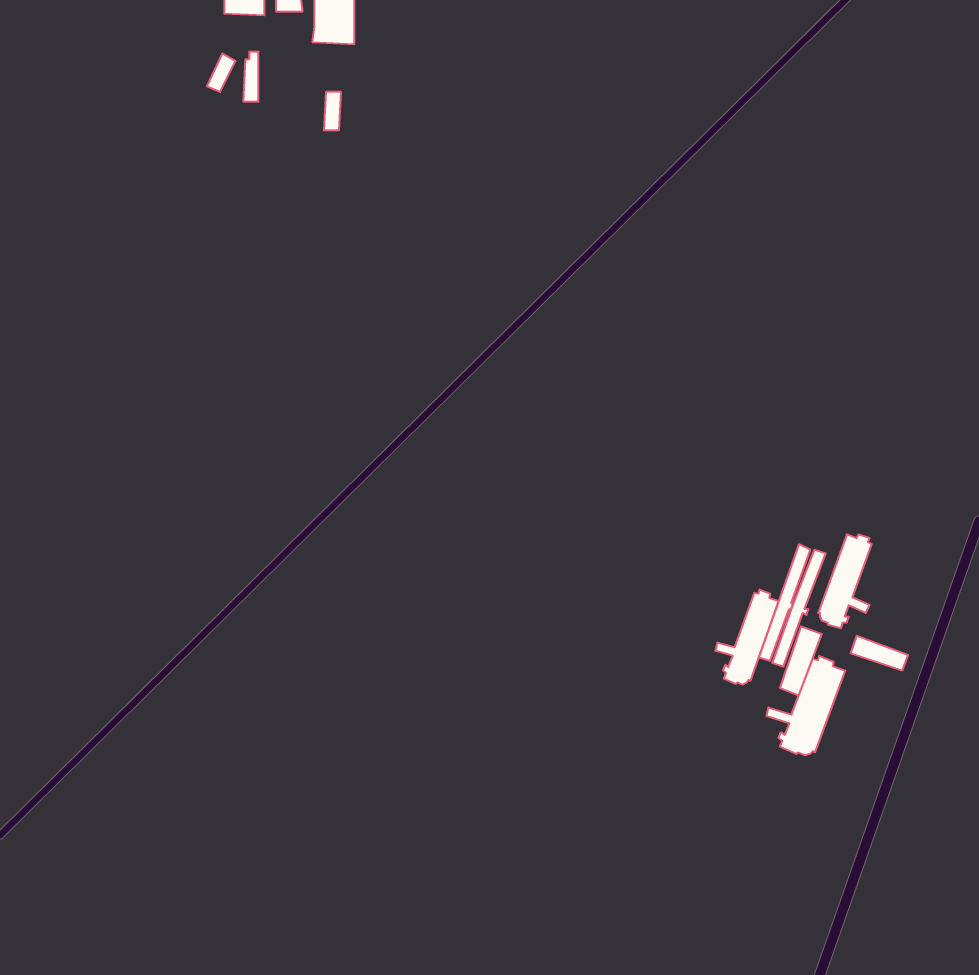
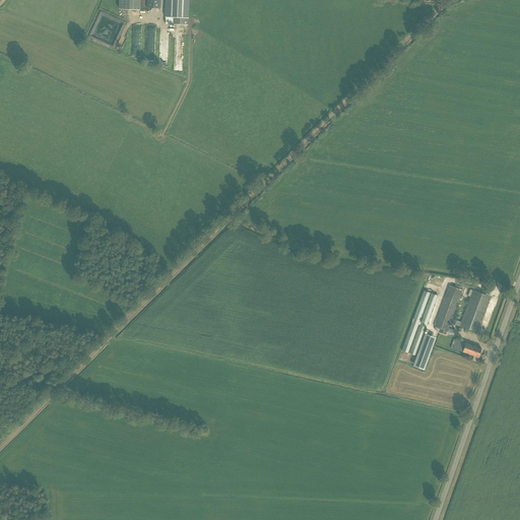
building: none -> [459,288,491,331]
building: [715,589,779,685] -> none
building: [766,656,845,755] -> none

